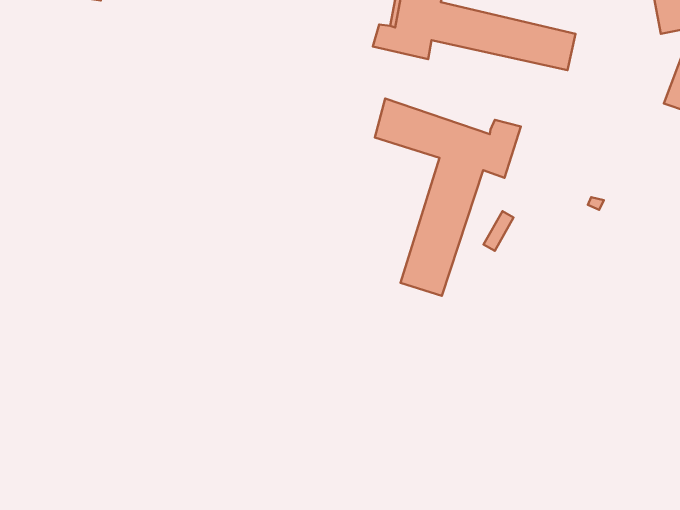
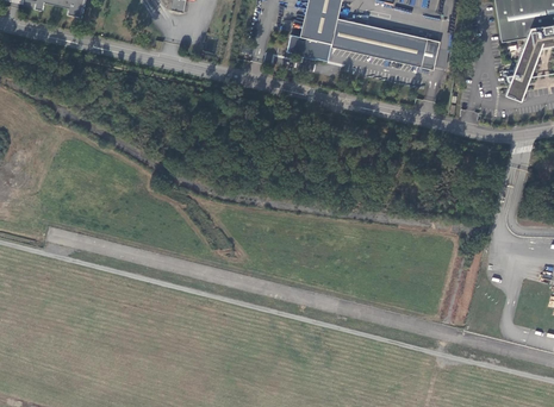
building: [375,99,521,296] -> none

